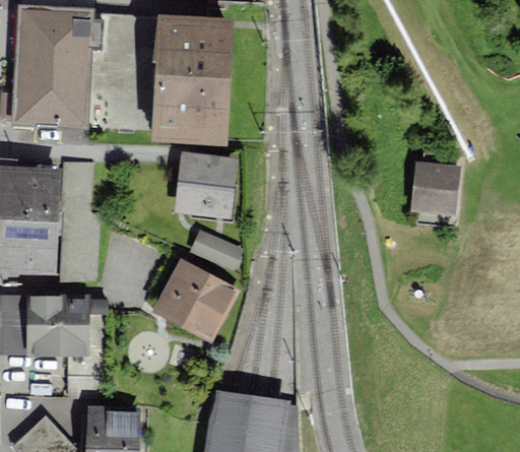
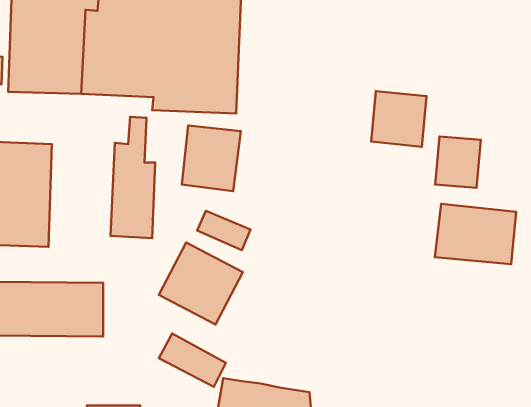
building: none -> [371,91,427,147]
building: [56,167,98,279] -> [111,117,155,238]
building: none -> [435,204,516,264]
building: none -> [159,334,226,387]

